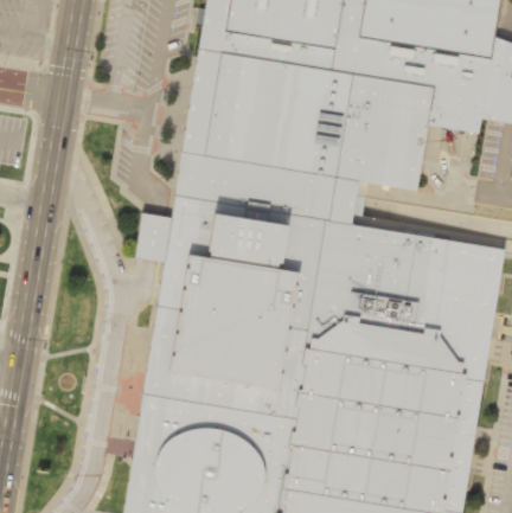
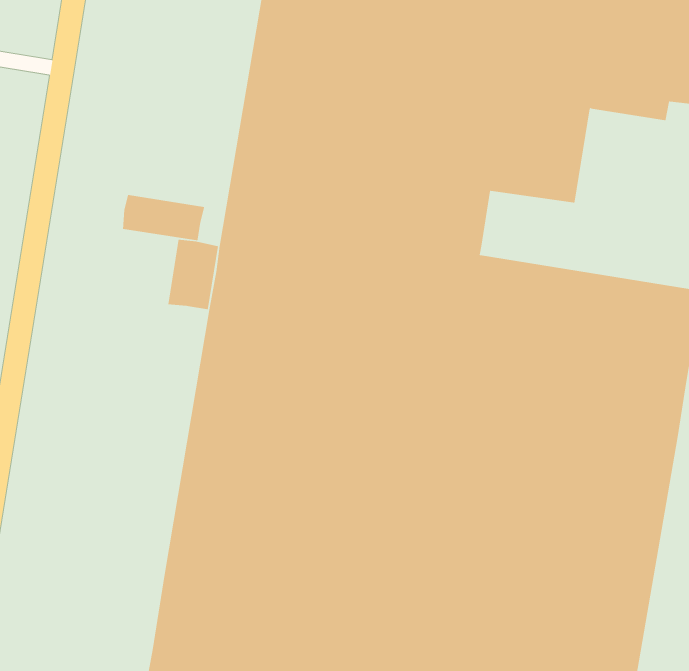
building: none -> [123,194,205,241]

